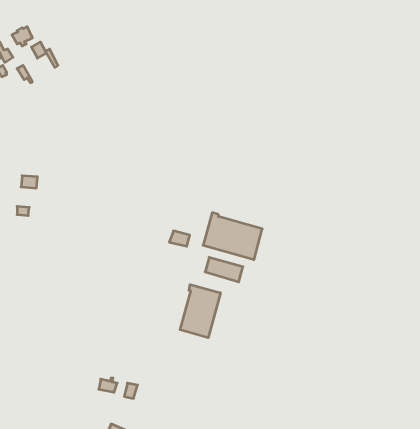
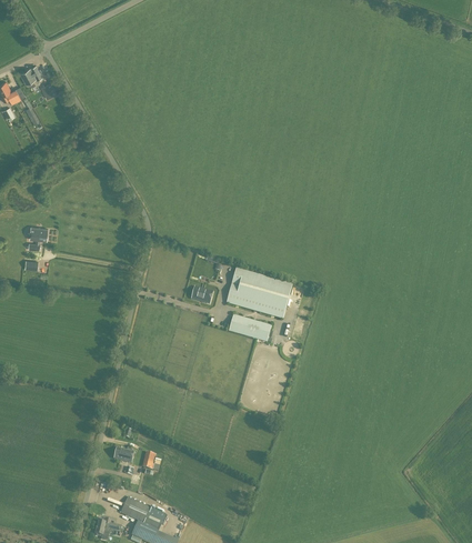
building: [180,285,220,338] -> none

